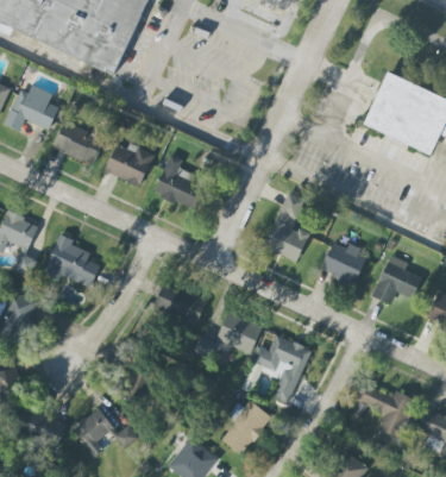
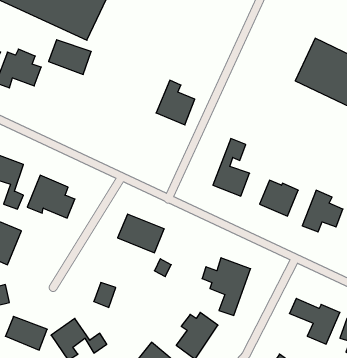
building: [54,121,105,163] -> [49,40,91,74]
building: [106,144,152,184] -> none
building: [153,153,200,207] -> [156,80,195,125]
building: [216,310,263,353] -> none

